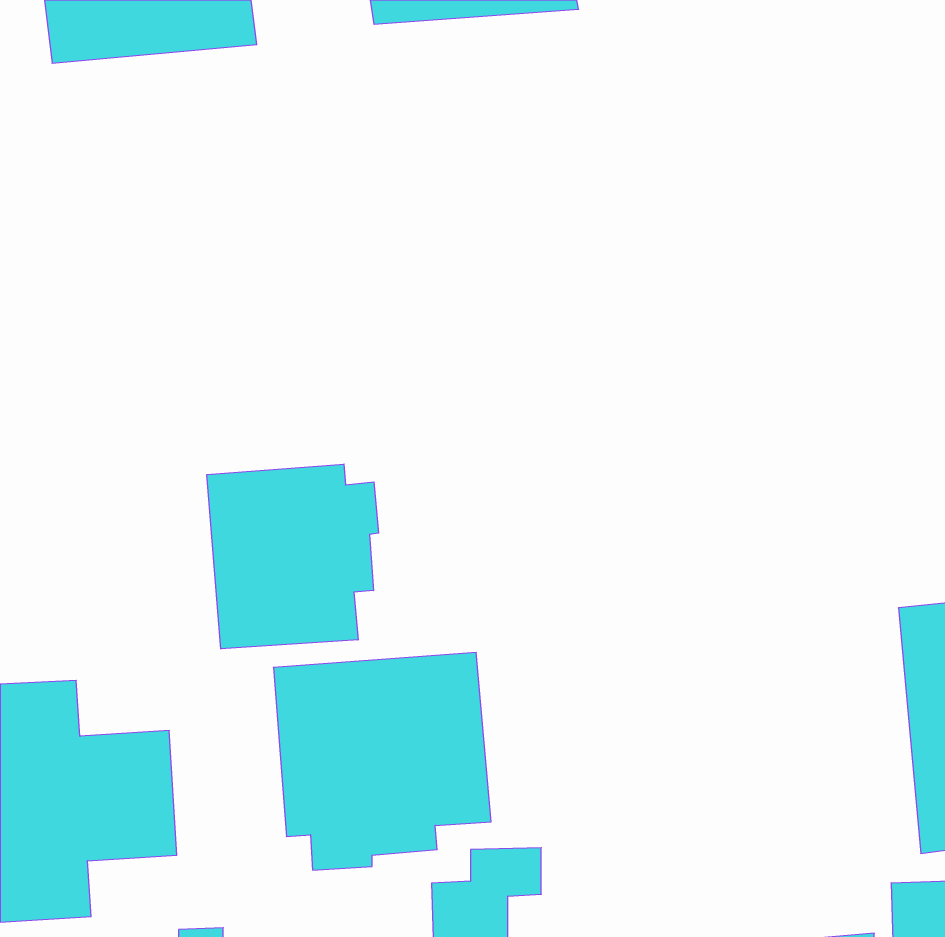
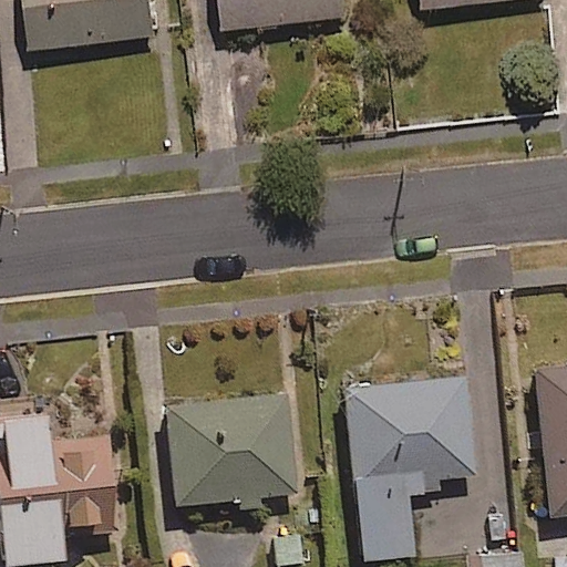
building: [207,464,379,649] -> none
building: none -> [346,379,474,559]

